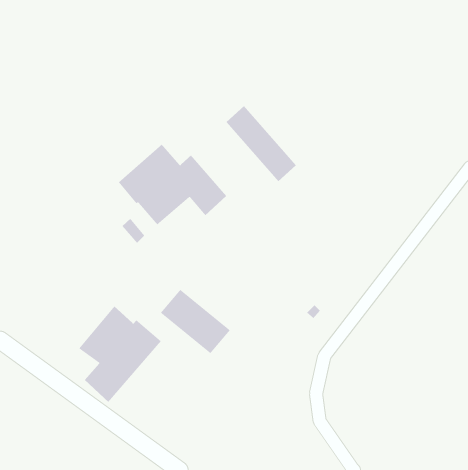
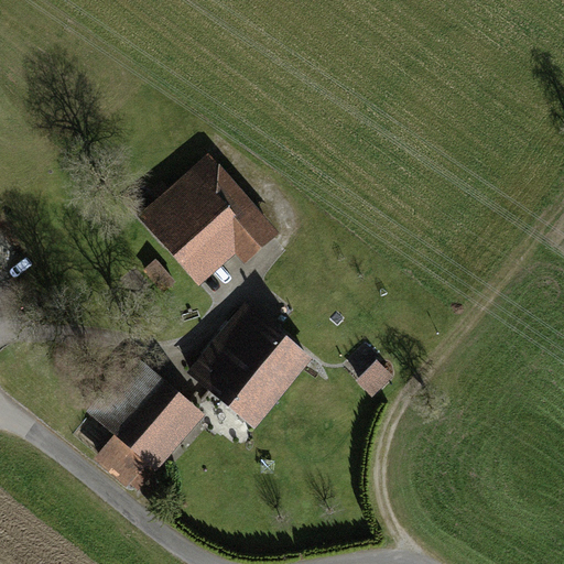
building: [226,105,297,182] -> none
building: none -> [218,308,310,395]

